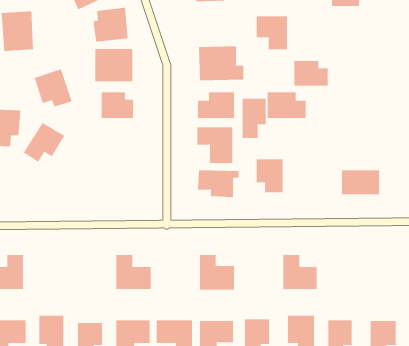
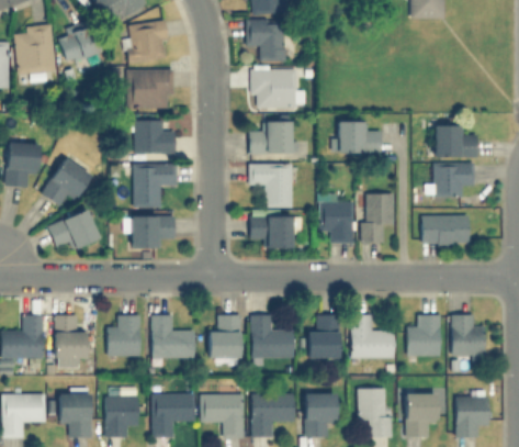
building: [256,16,288,50] -> [247,21,285,62]
building: [294,60,328,86] -> [435,126,476,157]
building: [34,69,73,107] -> [58,22,104,68]
building: [242,98,267,138] -> [363,194,393,243]
building: none -> [432,163,474,198]
building: none -> [133,164,176,208]
building: none -> [48,211,99,249]
building: none -> [127,216,173,248]
building: none -> [452,315,484,357]
building: none -> [56,316,86,367]
building: none -> [108,316,140,357]
building: none -> [210,316,240,357]
building: none -> [309,316,340,358]
building: none -> [408,316,440,356]

